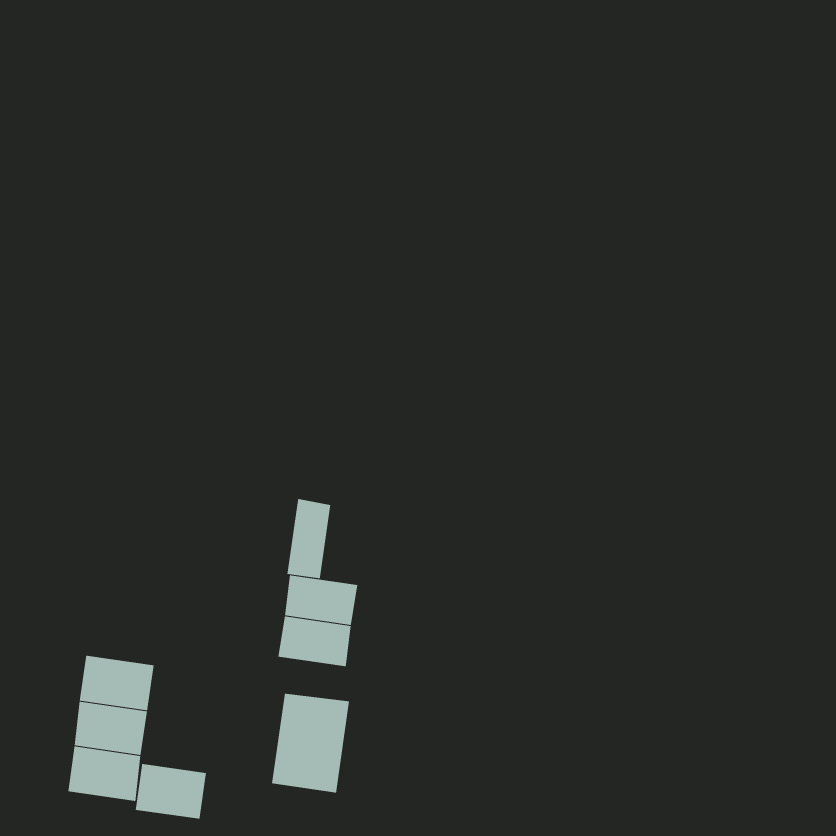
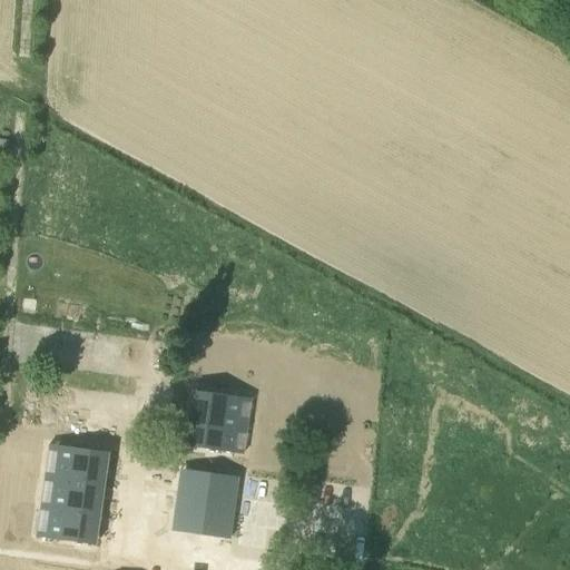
building: [287,498,331,579] -> none
building: [135,763,206,820] -> none

